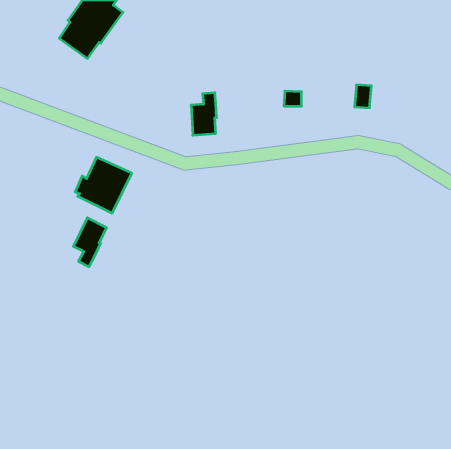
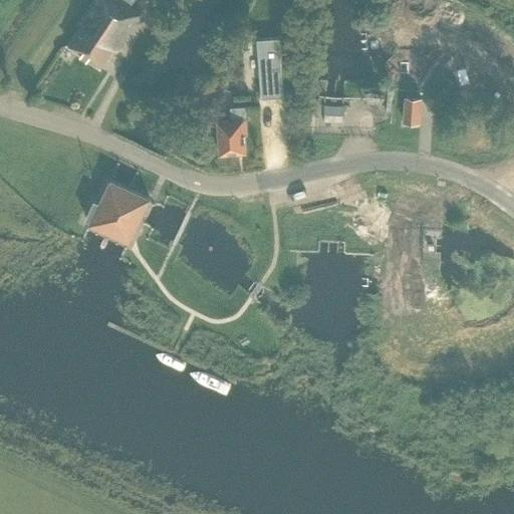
building: none -> [256,40,284,100]
building: [73,218,106,267] -> none

